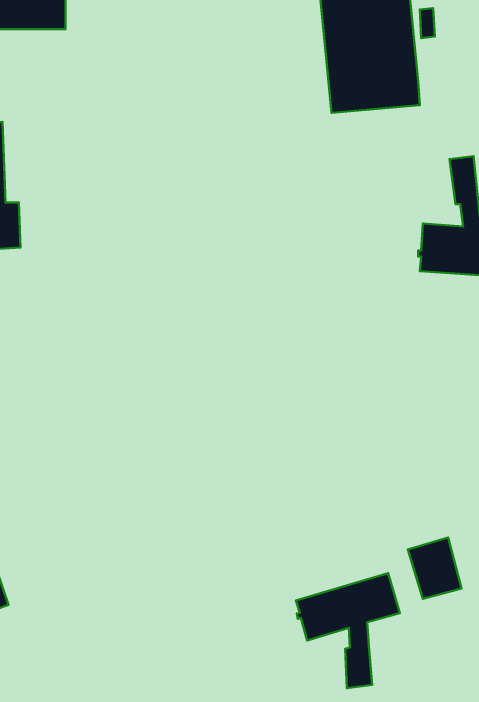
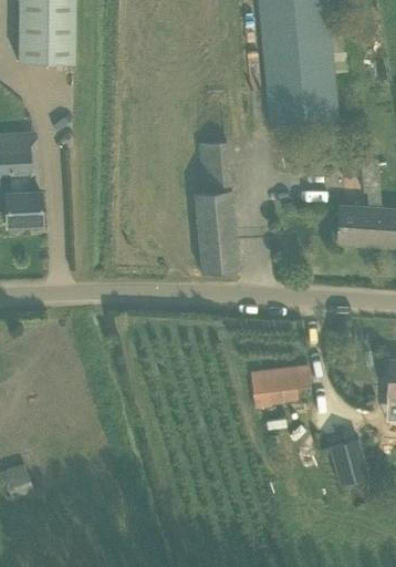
building: none -> [195,141,239,272]
building: none -> [251,367,311,402]
building: [296,573,400,688] -> none

